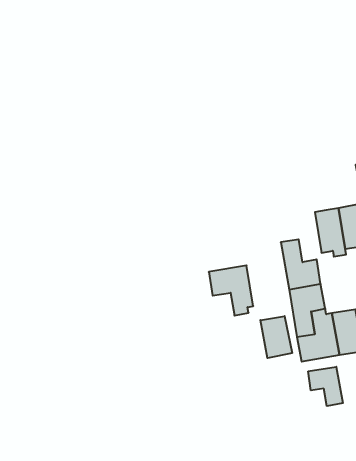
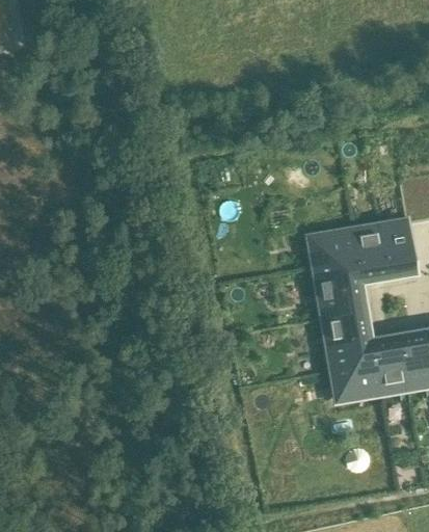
building: [209,265,253,316] -> [312,237,360,292]
building: [260,316,292,358] -> none
building: [308,367,343,406] -> none

